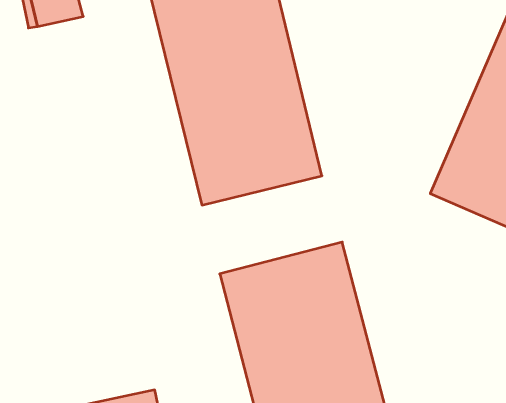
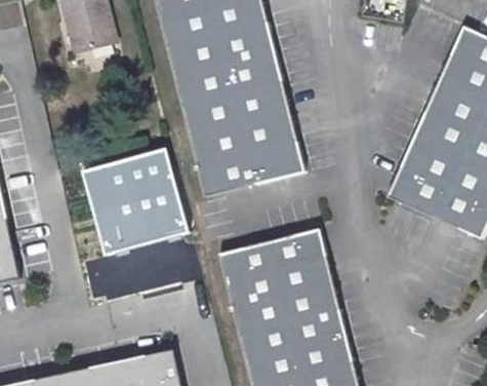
building: none -> [79,150,182,255]

